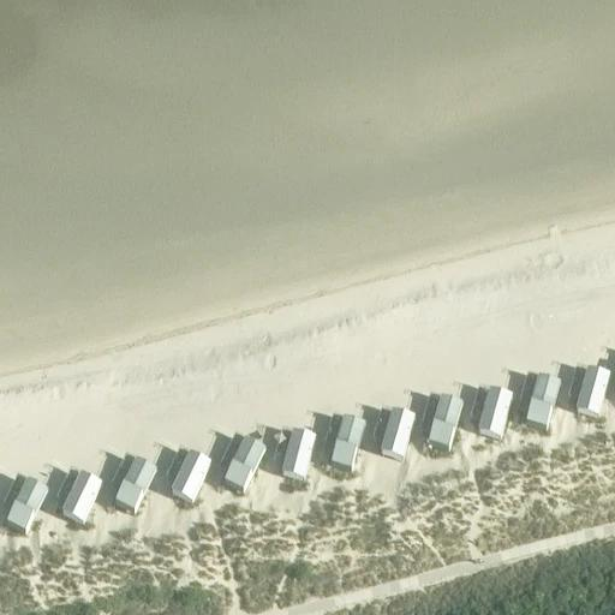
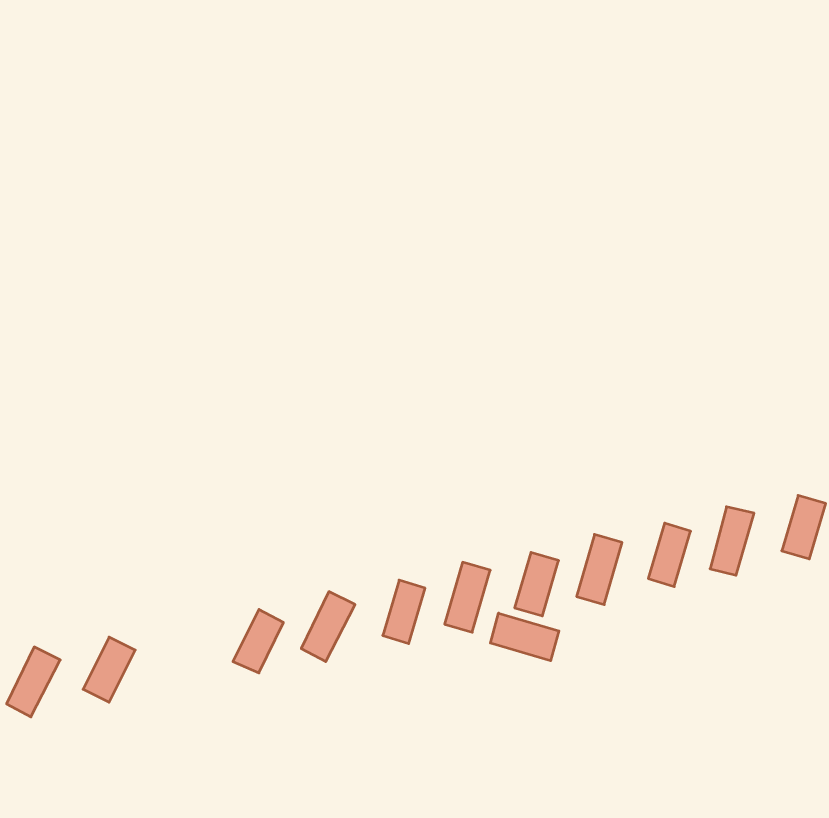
building: none -> [490,613,559,661]
building: [113,456,153,508] -> none

